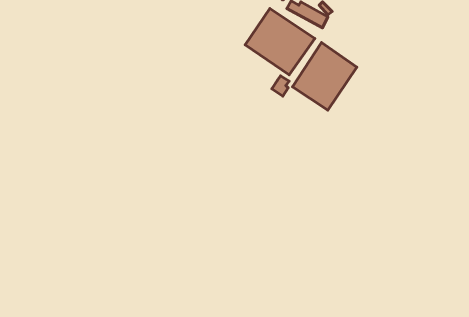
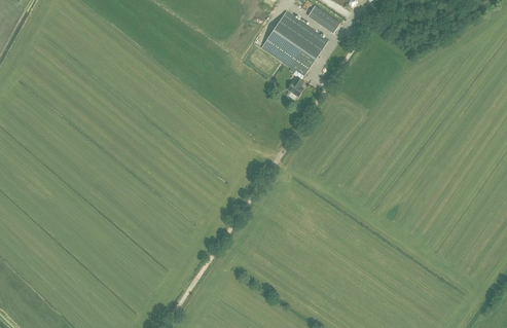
building: [292,43,357,110] -> none

